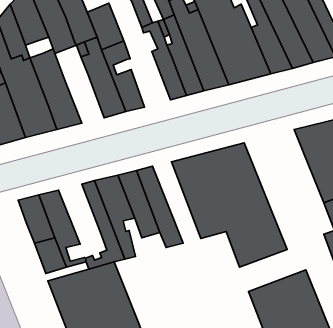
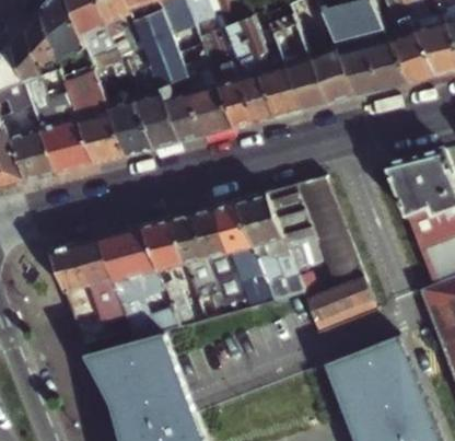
building: none -> [182,57,235,136]
building: none -> [107,96,154,155]
building: none -> [213,202,272,302]
building: none -> [98,230,151,323]

